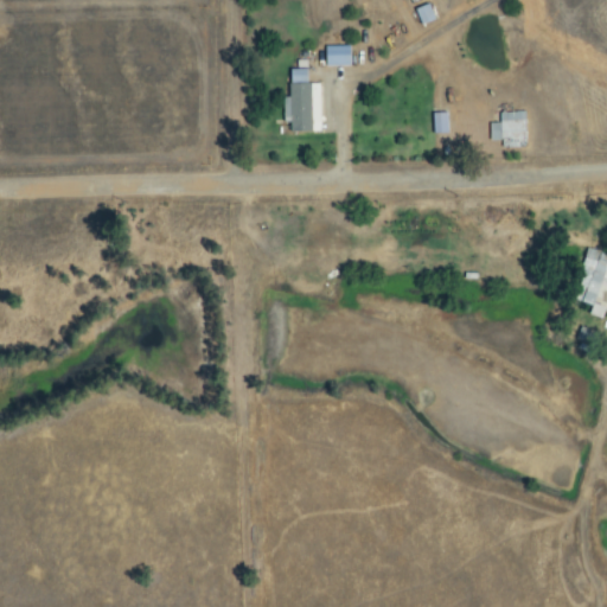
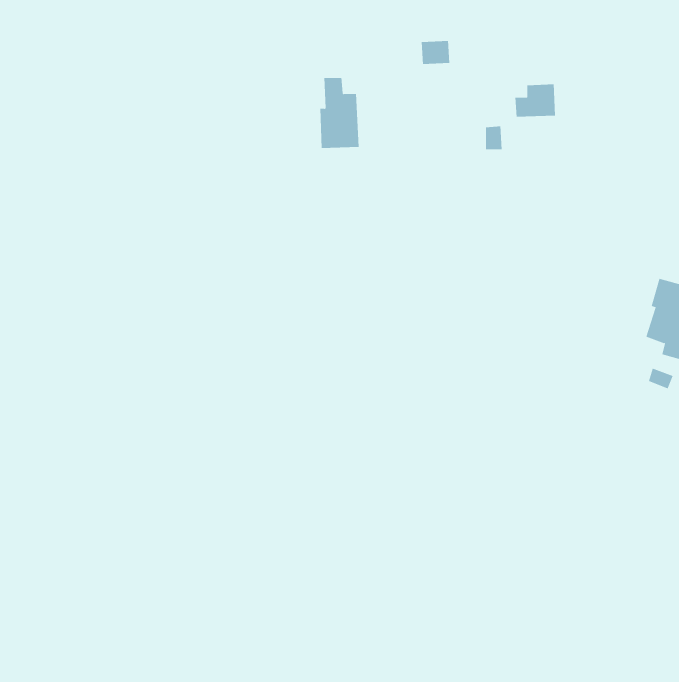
building: [326,45,352,66] -> [421,40,450,65]
building: [491,110,528,140] -> [514,84,556,117]

